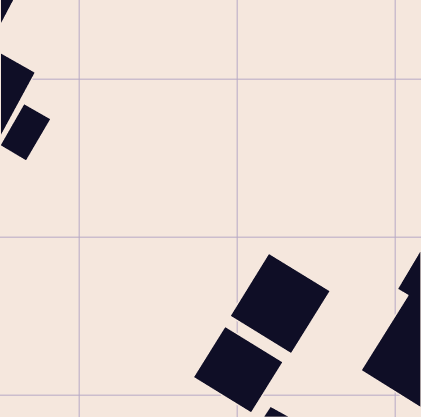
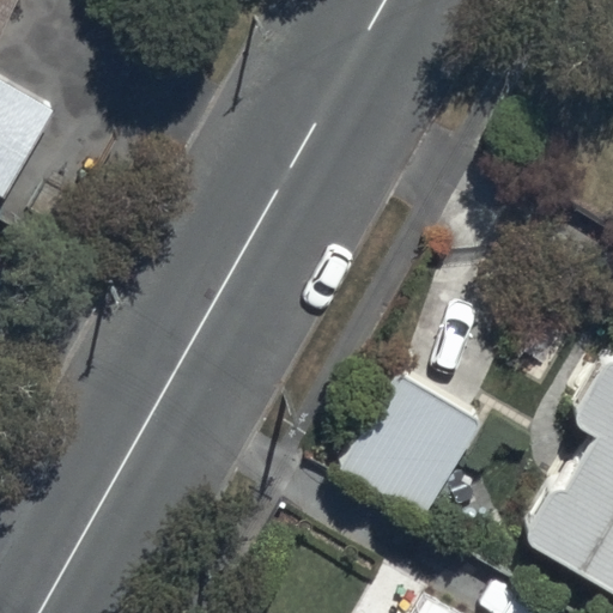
building: [193,326,283,413] -> none

